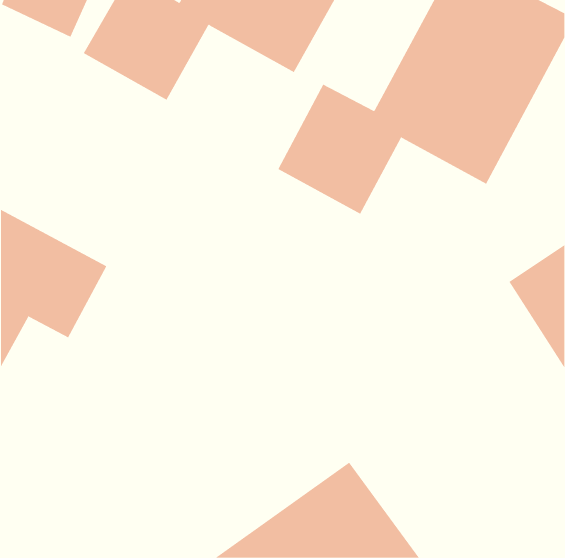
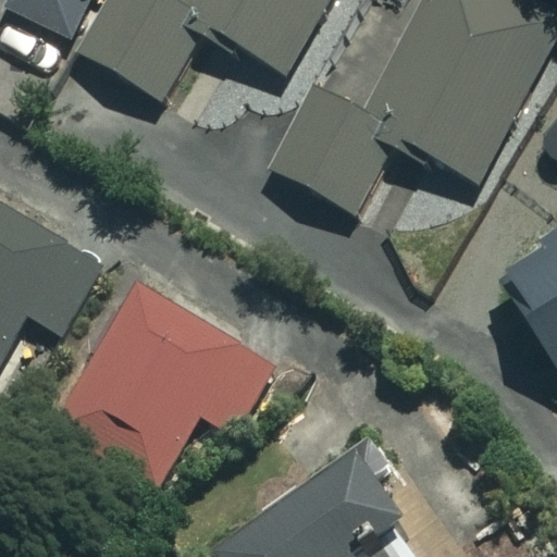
building: none -> [49,280,275,487]

